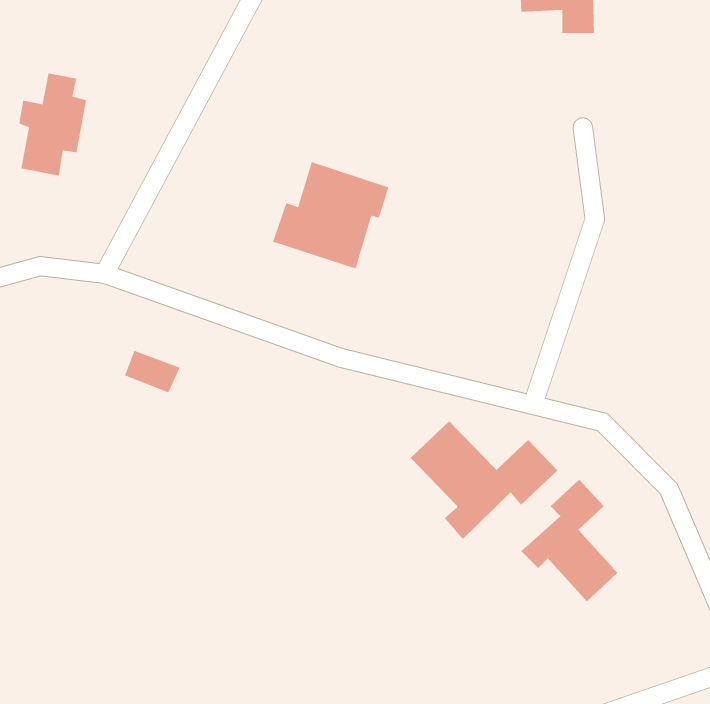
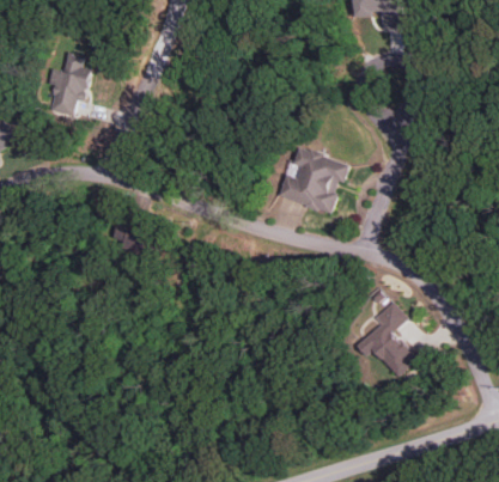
building: [272,162,389,269] -> [278,148,349,214]
building: [410,421,558,540] -> none

